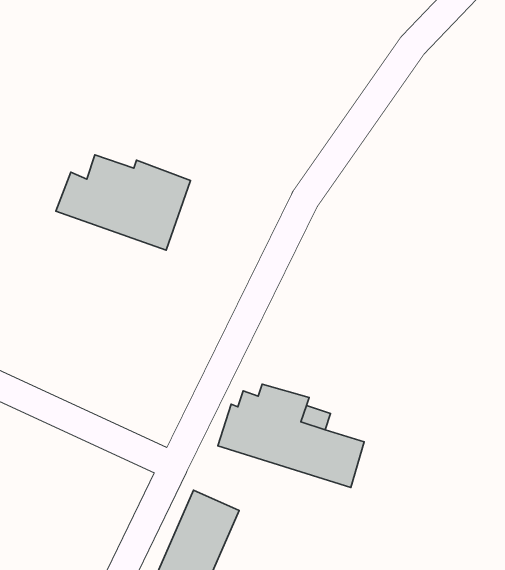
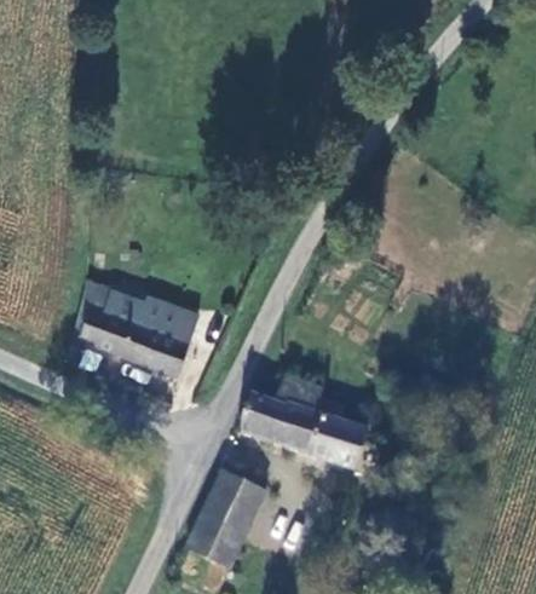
building: [56,155,190,250] -> [75,287,196,373]

